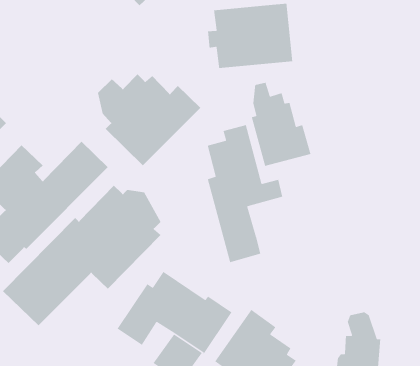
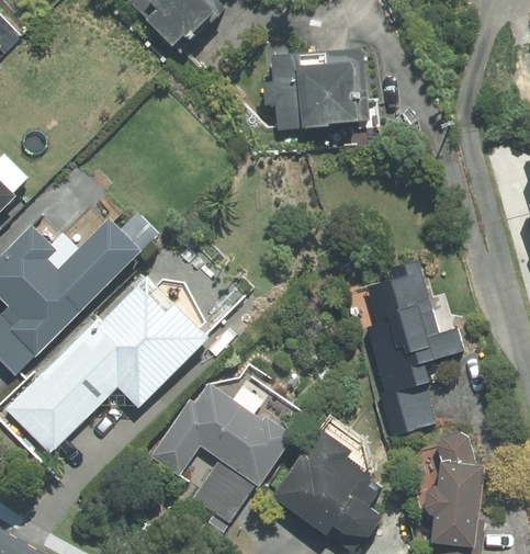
building: [97,73,201,166] -> none
building: [251,82,312,167] -> none
building: [207,124,283,263] -> [368,260,463,433]

